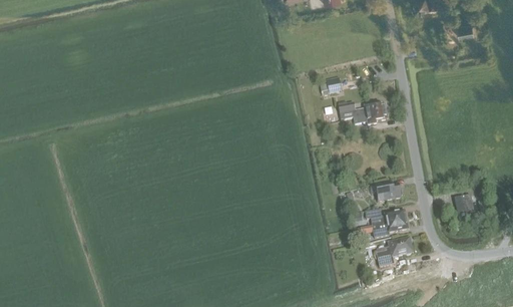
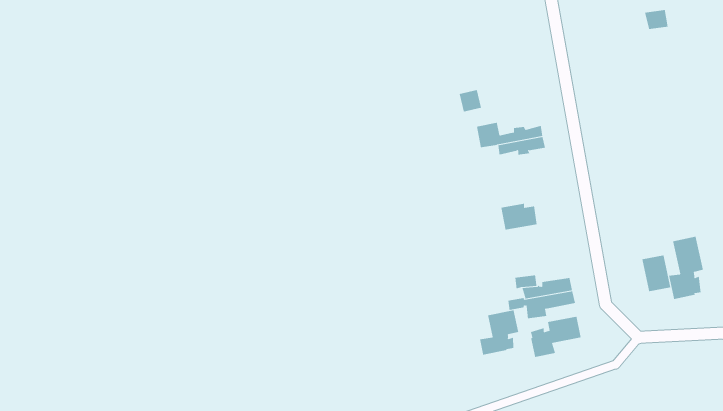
building: none -> [669,236,704,300]
building: [375,183,401,202] -> [501,203,538,230]
building: none -> [479,310,519,355]

